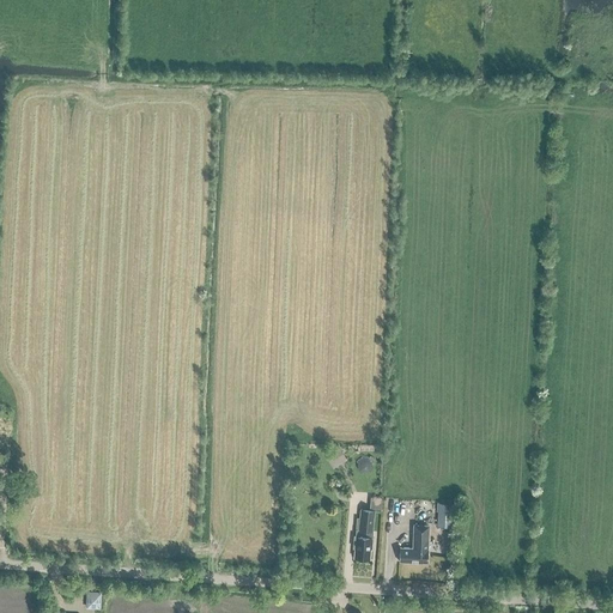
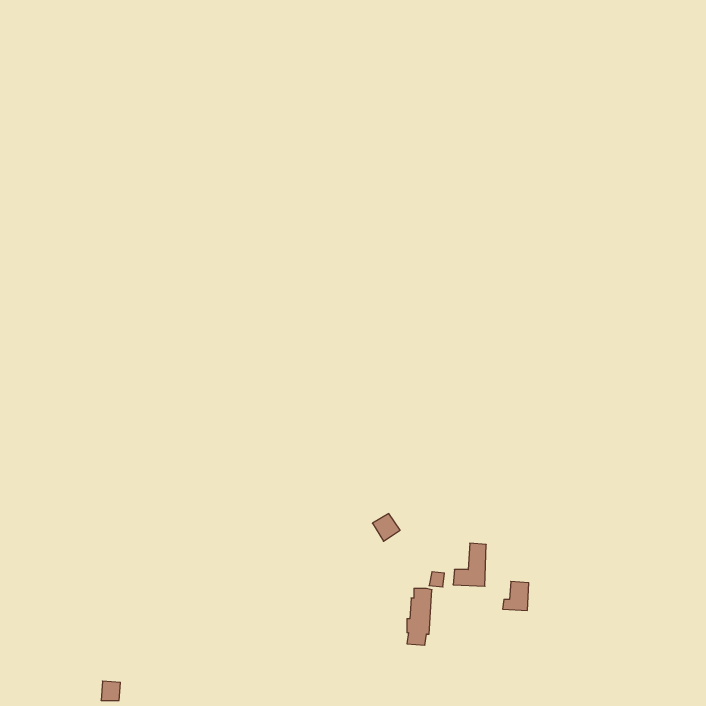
building: [397,524,426,562] -> [453,543,486,586]

